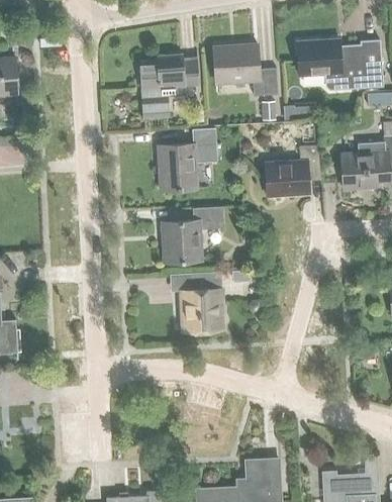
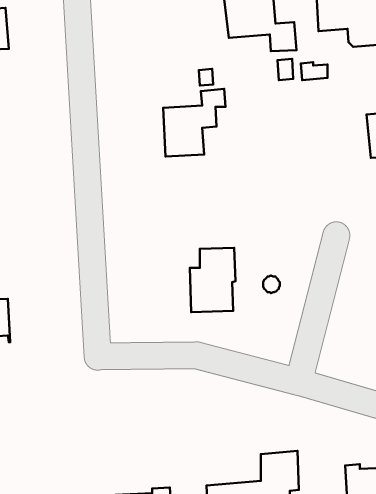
building: [139,54,199,118] -> none
building: [265,146,319,197] -> none
building: [163,207,222,263] -> none

